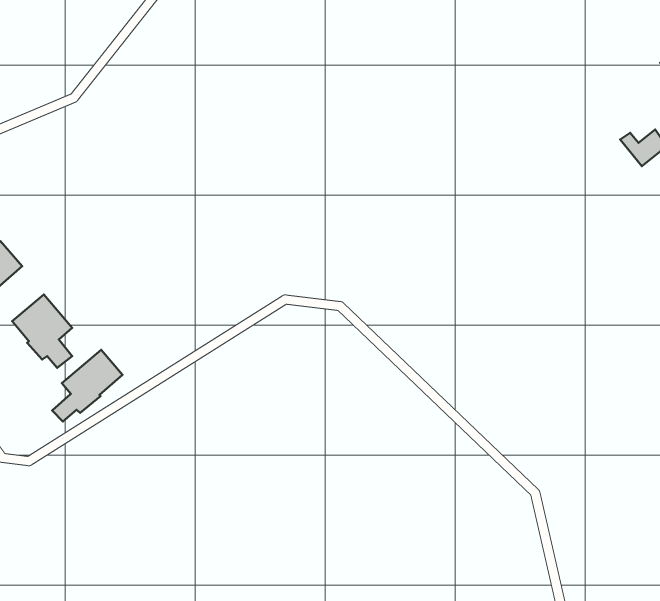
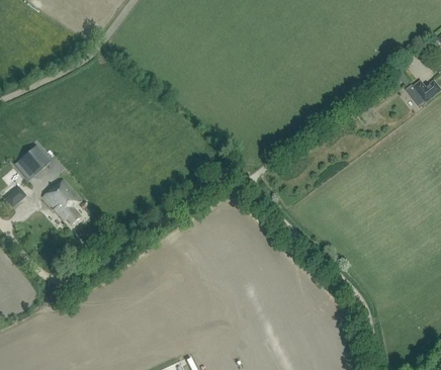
building: [52,350,123,422] -> none

